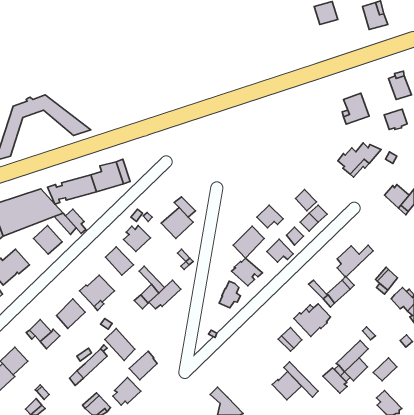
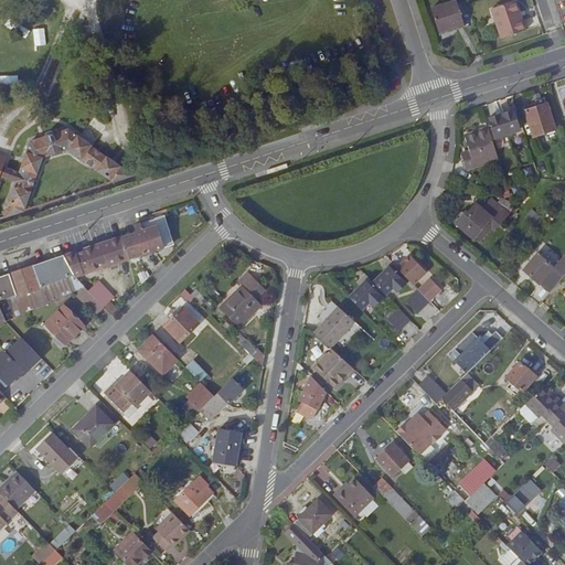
building: [384,109,407,129] -> [488,109,519,137]
building: [267,239,293,262] -> [372,264,407,295]
building: none -> [212,428,238,463]
building: [105,328,135,360] -> none
building: [323,368,347,393] -> none
building: none -> [292,498,332,536]
building: [272,371,301,400] -> [332,476,372,514]

